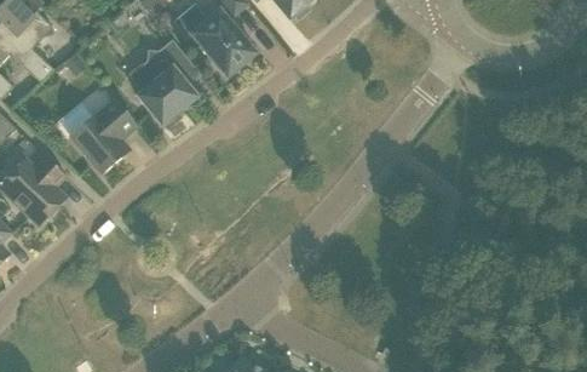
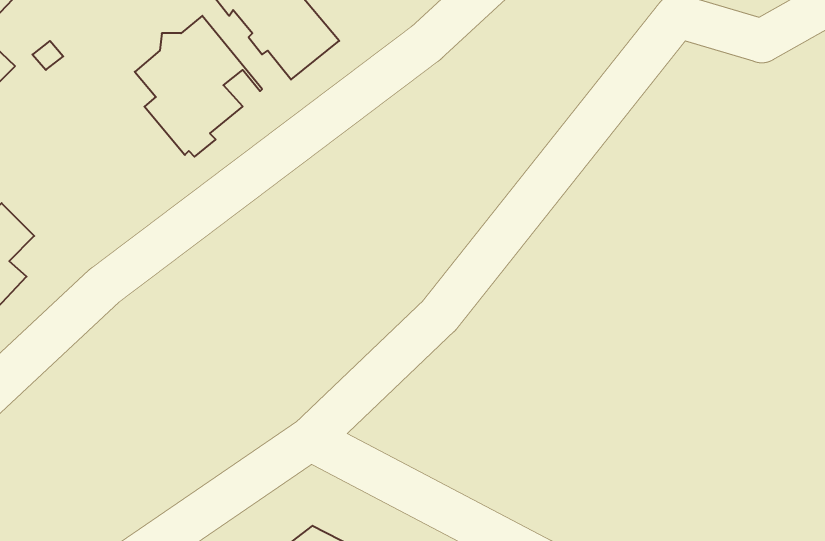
building: [69,97,137,172] -> none

